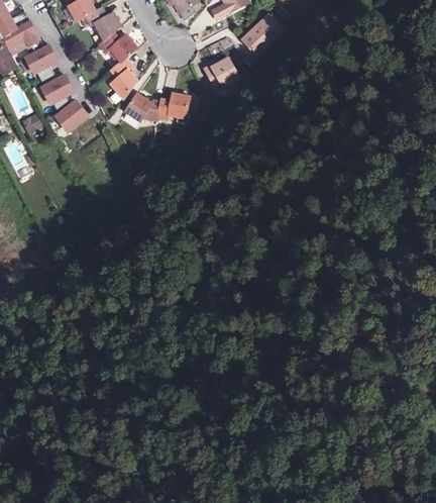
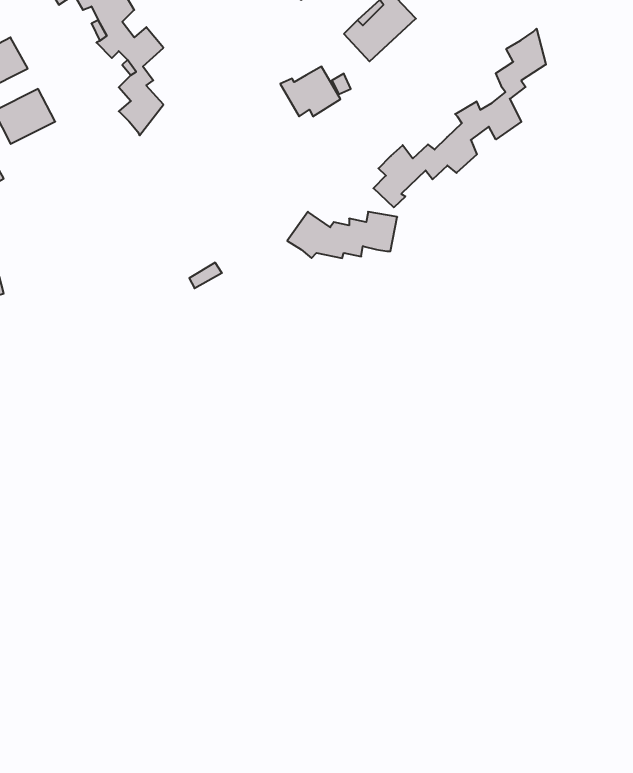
building: none -> [373,29,546,207]
building: [125,95,190,122] -> [287,212,397,258]
building: [51,97,89,132] -> none

